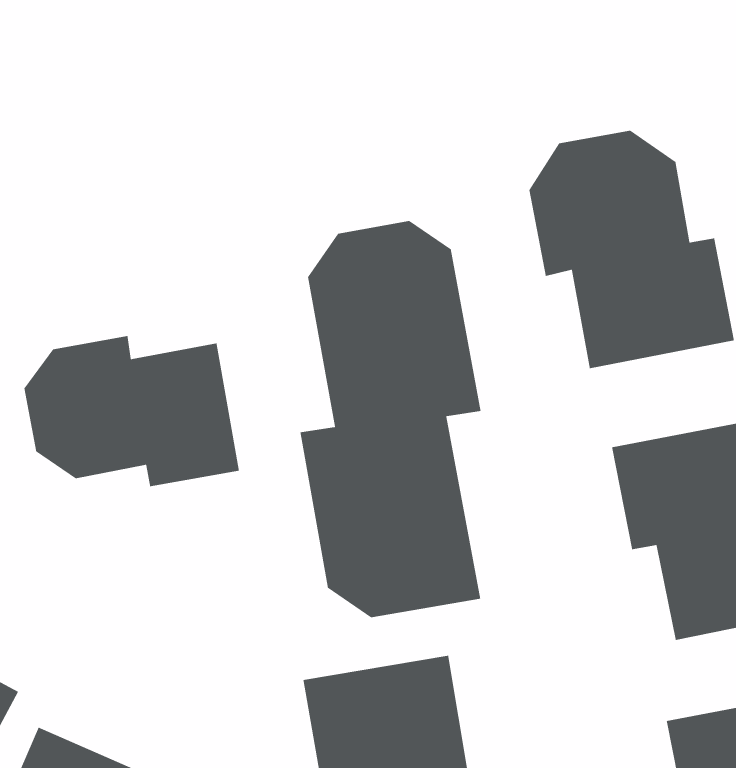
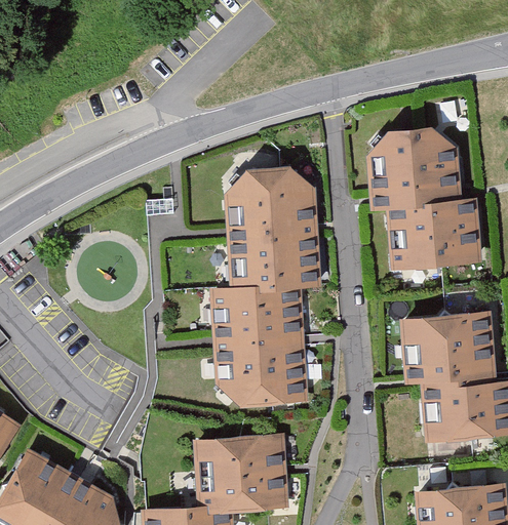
building: [24,335,240,487] -> none

